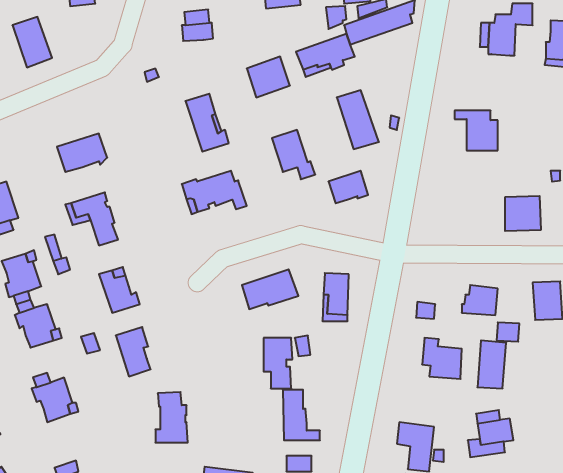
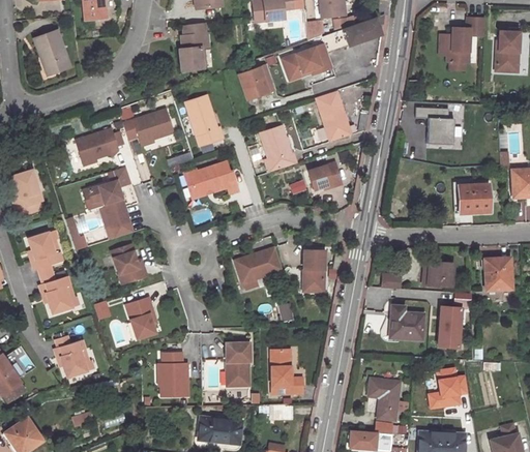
building: none -> [180,49,203,70]
building: none -> [122,109,173,142]
building: [264,338,292,388] -> [225,342,249,386]

